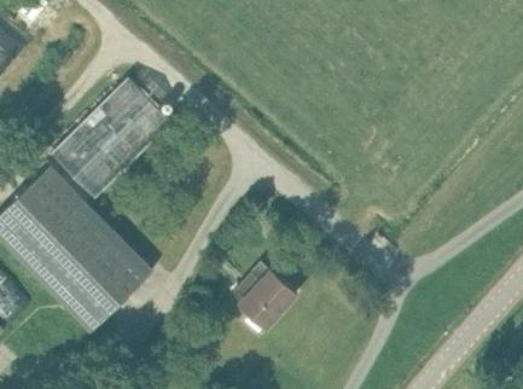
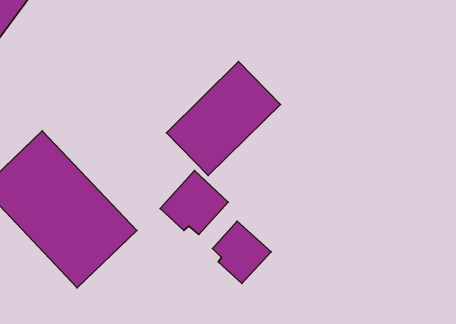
building: [51,76,173,198] -> [166,62,280,176]
building: none -> [160,170,228,234]

